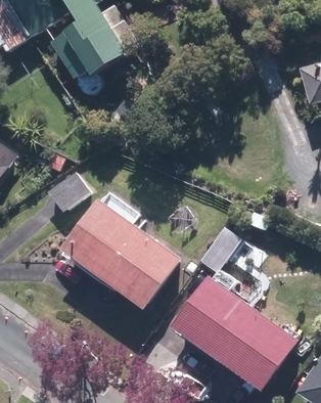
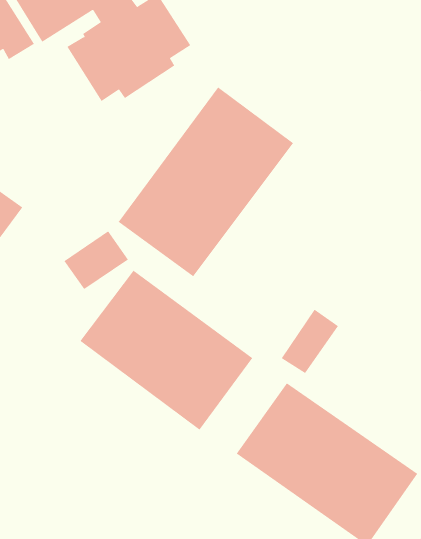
building: none -> [118,86,294,277]

